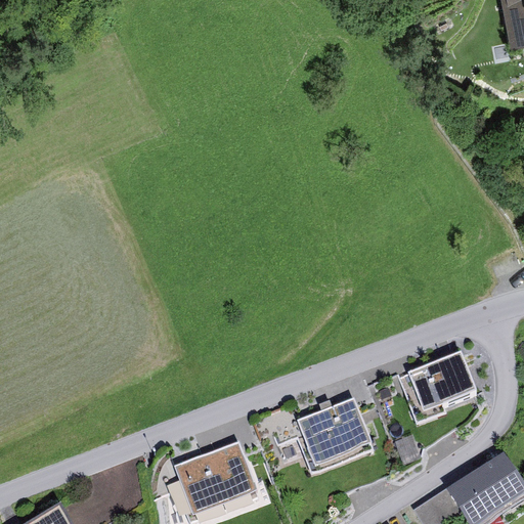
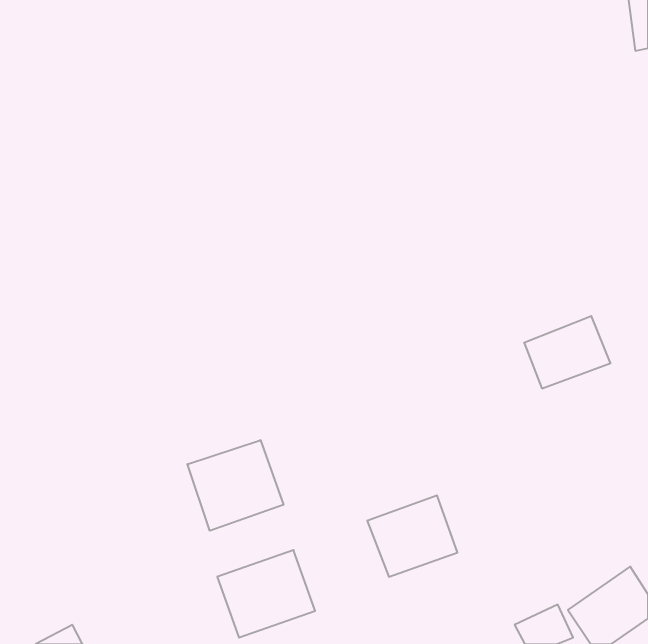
building: [406,353,476,411] -> [524,316,611,388]
building: none -> [187,440,283,531]

